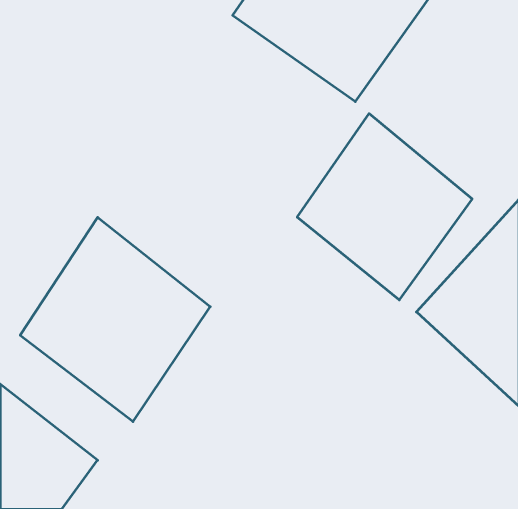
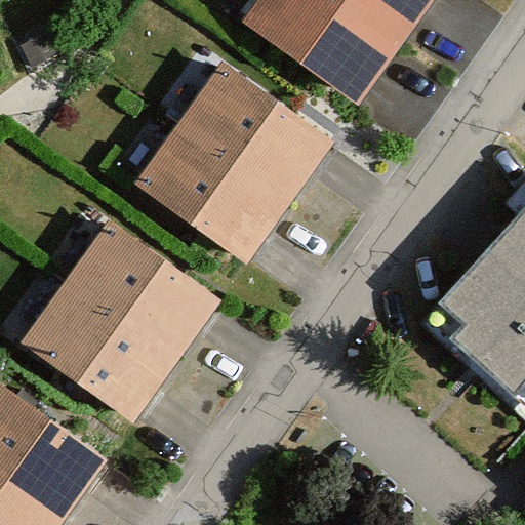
building: none -> [138,66,332,256]
building: [297,114,472,300] -> none

